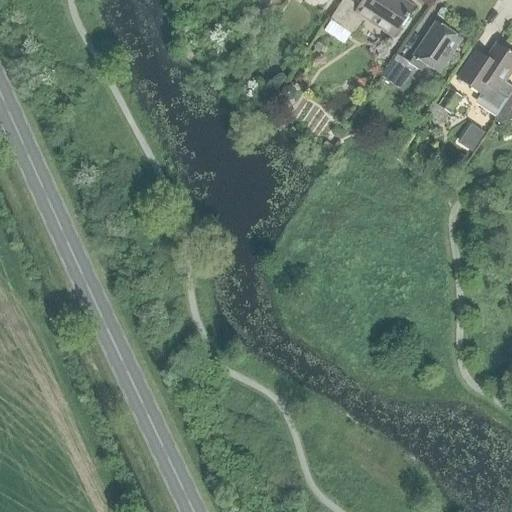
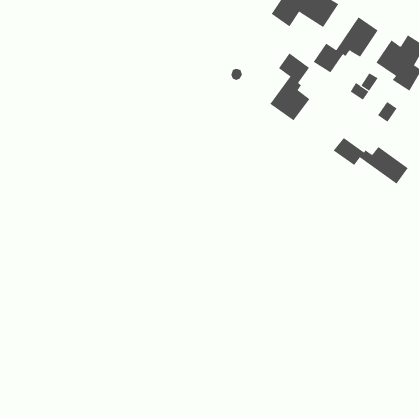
building: none -> [270,52,310,121]
building: none -> [333,137,408,184]

